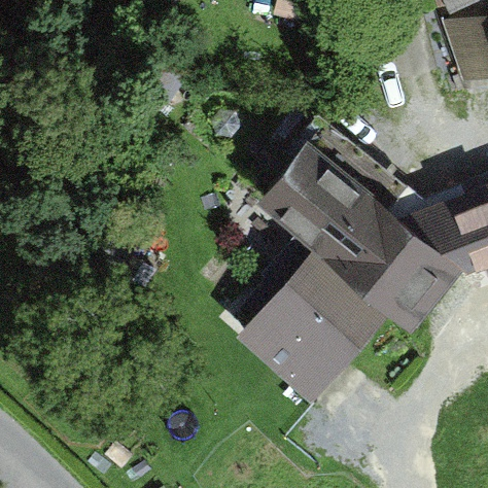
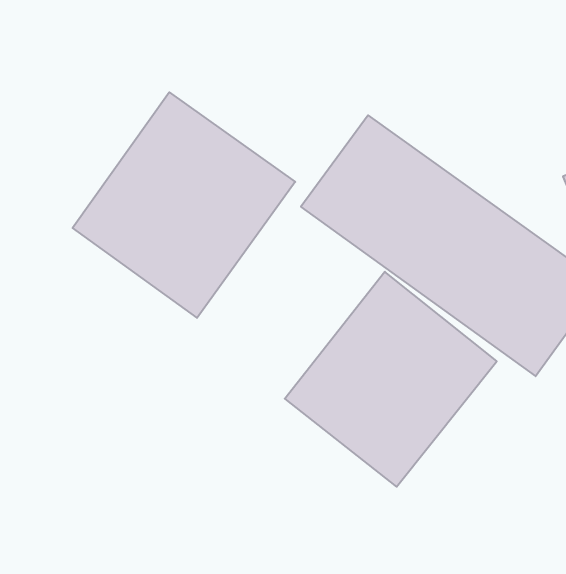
building: none -> [73,92,295,318]

